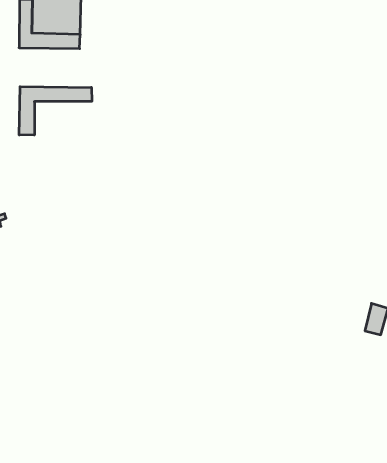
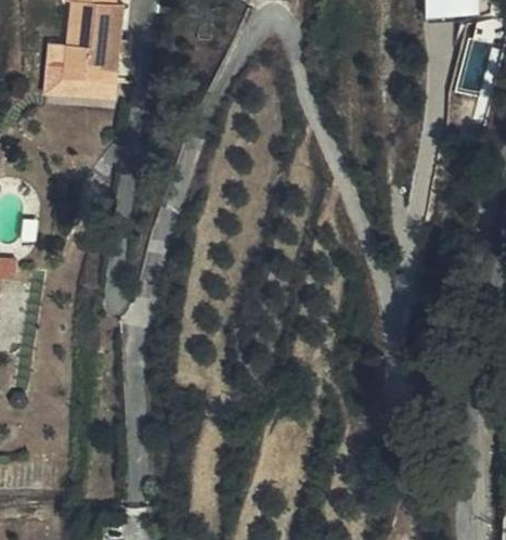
building: [19,87,92,135] -> none

